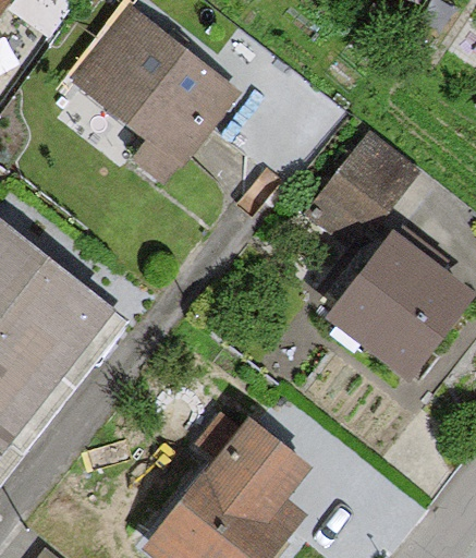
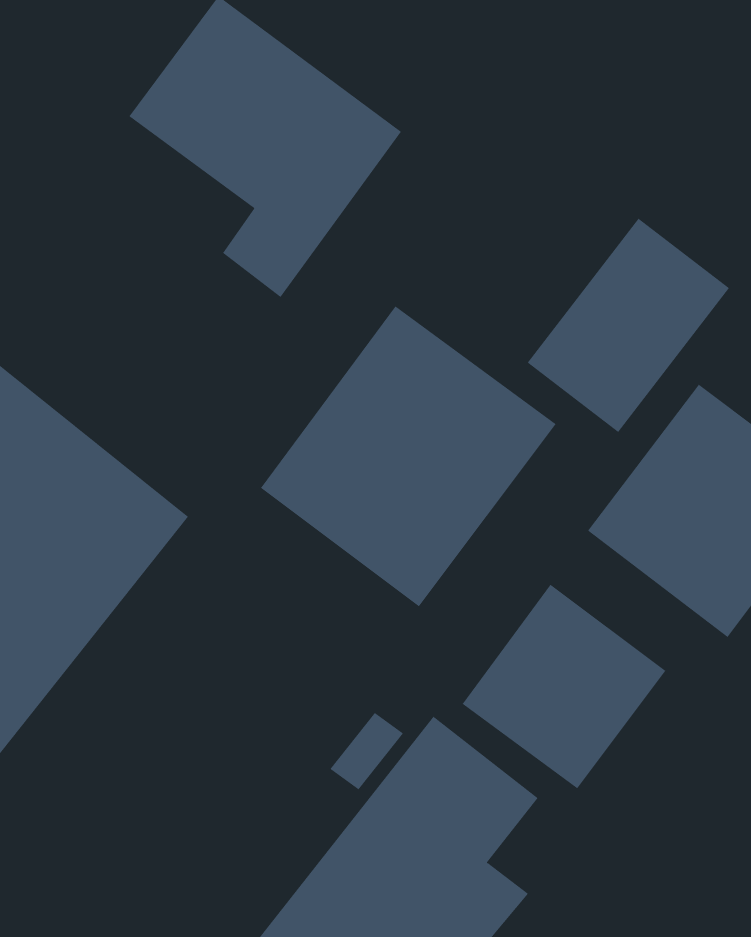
building: none -> [260,306,556,607]
building: none -> [462,584,666,789]

